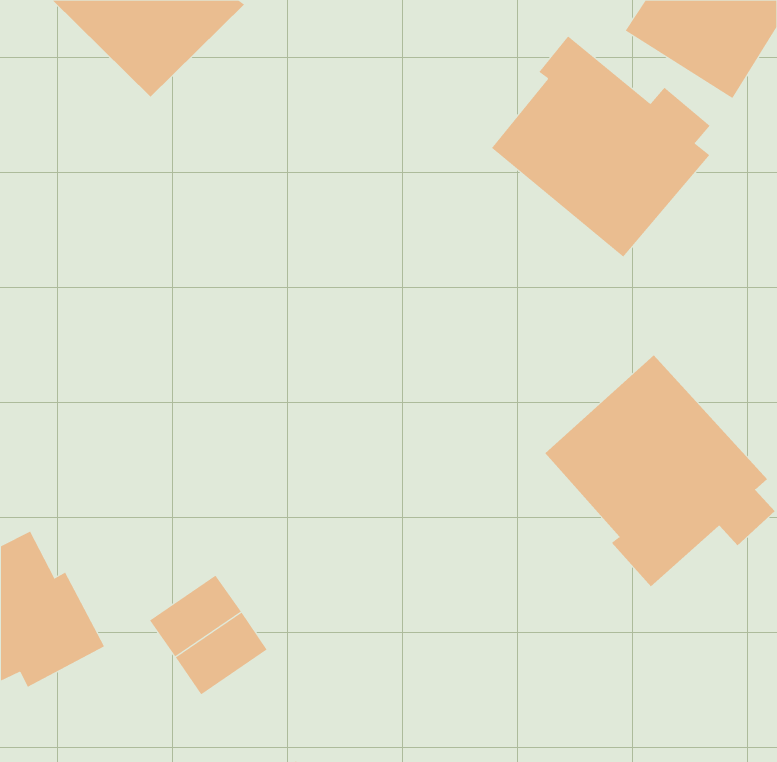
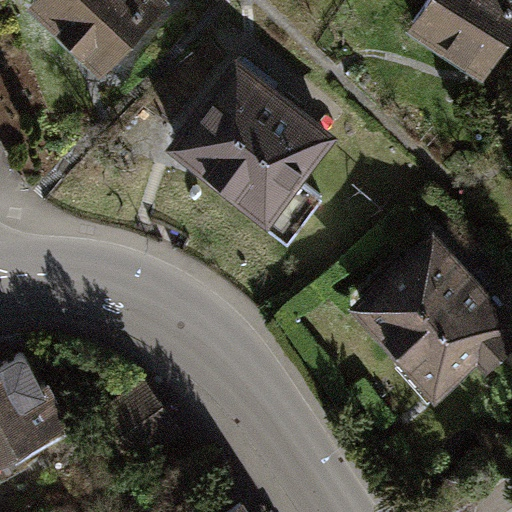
building: [491,36,711,258] -> none
building: none -> [173,67,327,218]

